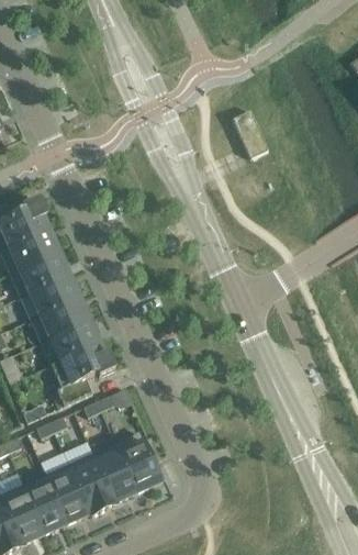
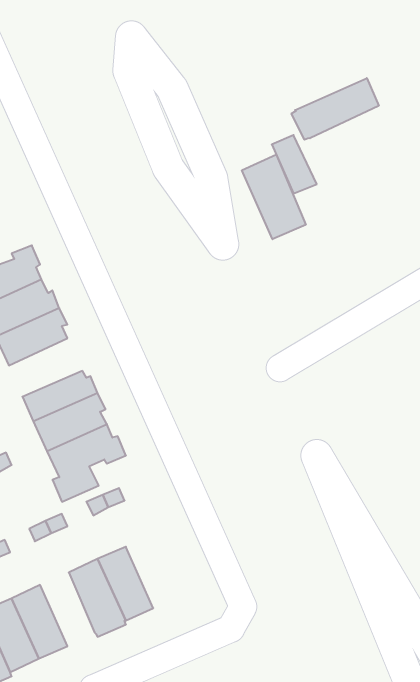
building: none -> [292,78,379,140]
building: none -> [242,155,306,239]
building: [20,274,80,321] -> none
building: [114,431,160,491] -> none
building: [45,463,89,522] -> none

